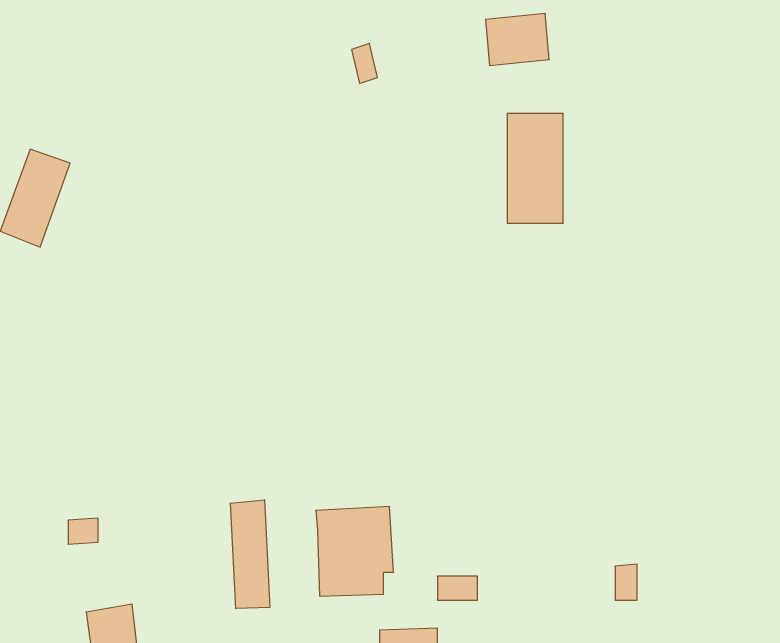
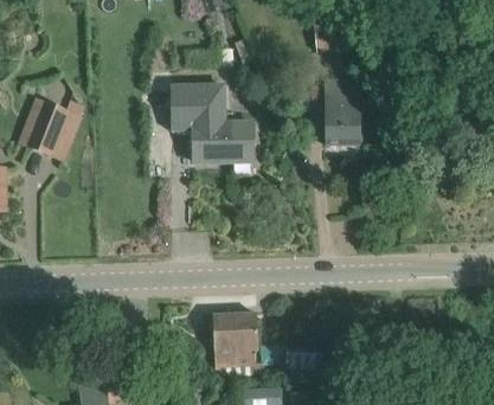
building: none -> [172,85,251,162]
building: [230,500,270,609] -> none

